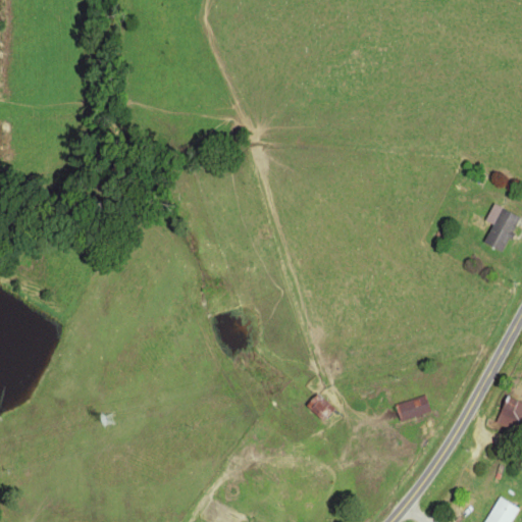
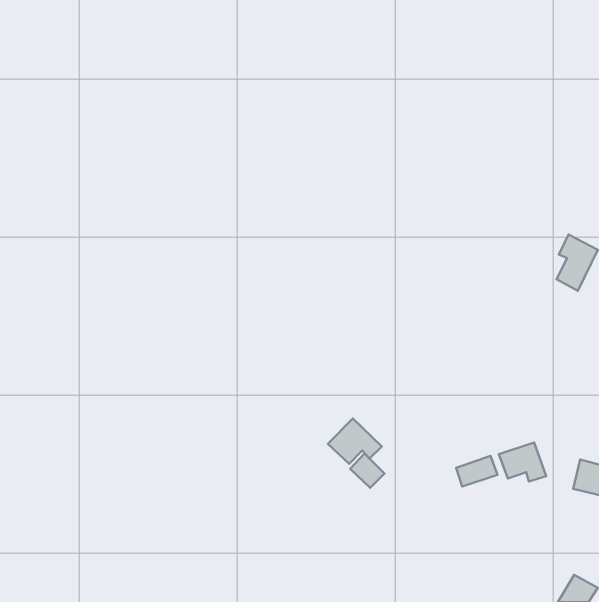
building: none -> [328,419,382,464]
building: none -> [499,442,546,481]

